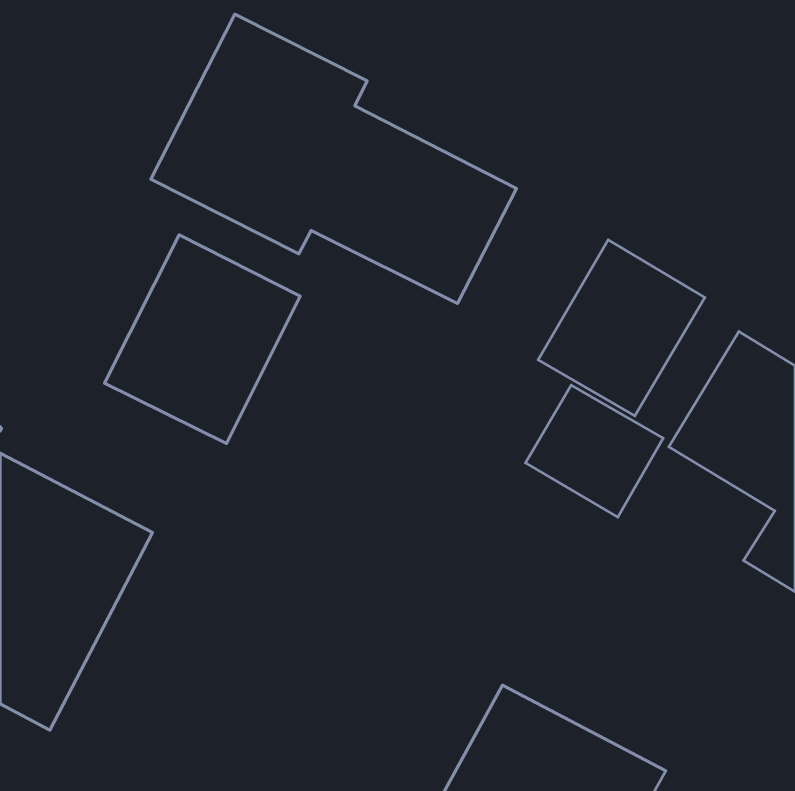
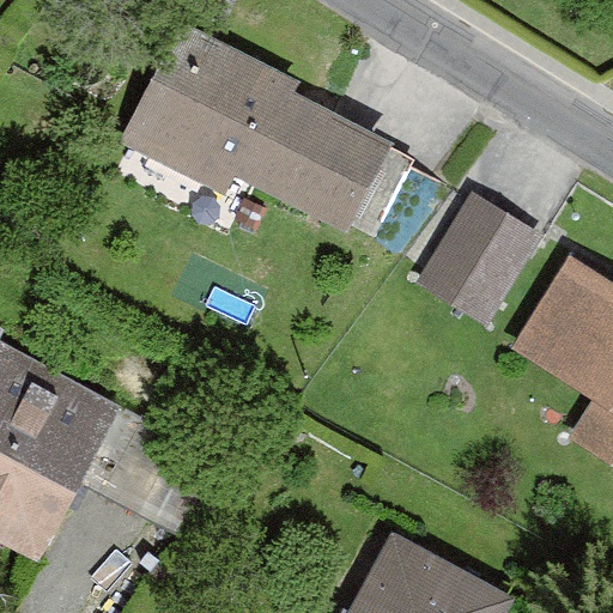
building: [104,235,300,444] -> none
building: [525,385,663,517] -> none

